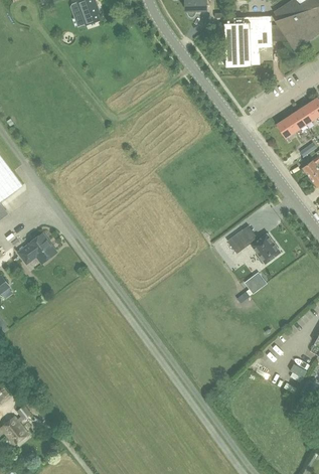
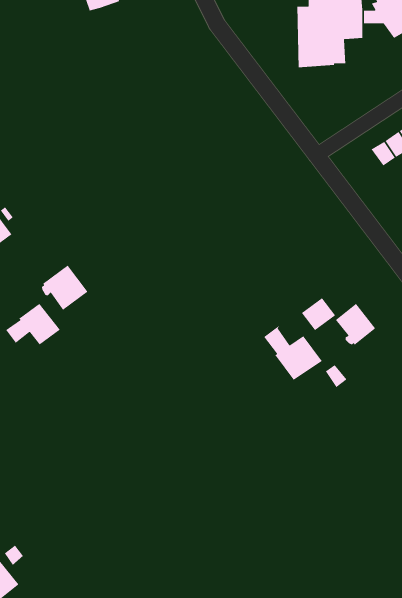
building: none -> [41,265,89,311]
building: none -> [263,325,323,381]

